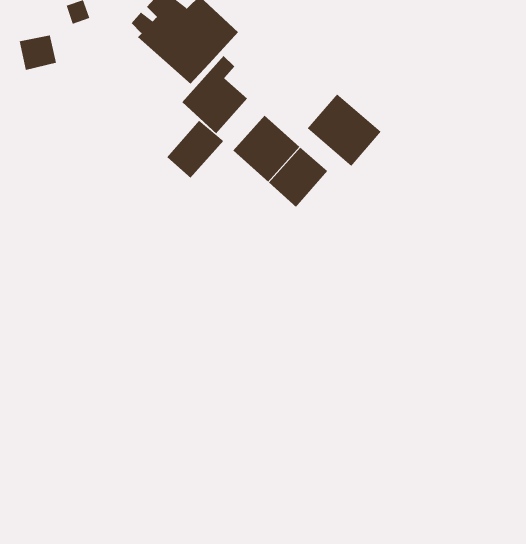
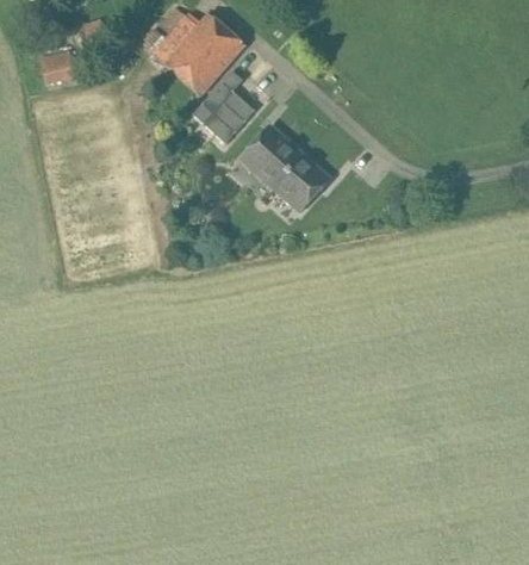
building: [307,93,381,167] -> none
building: [167,120,224,179] -> none

